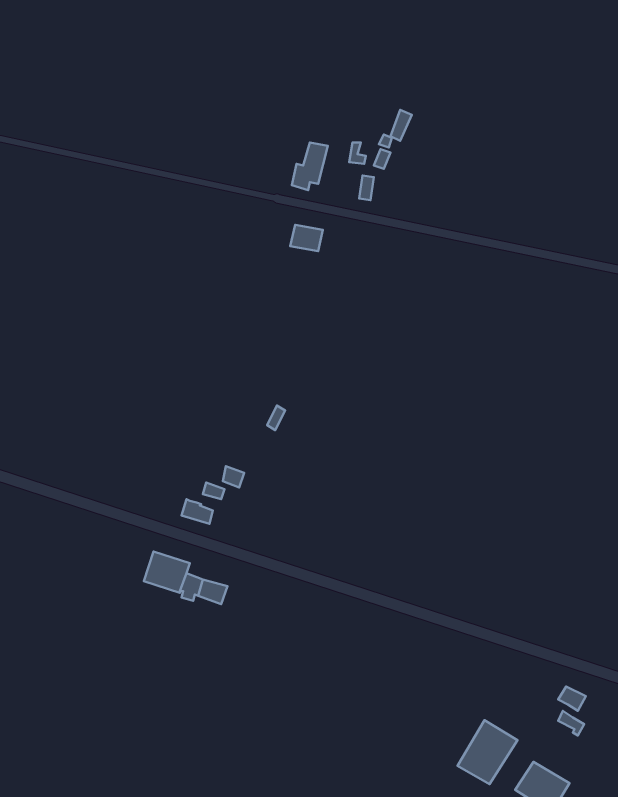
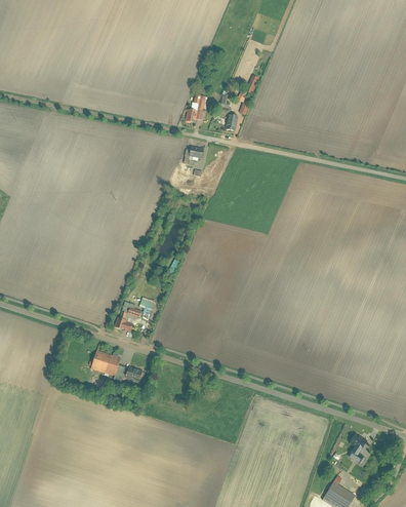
building: [457,720,517,784] -> none

